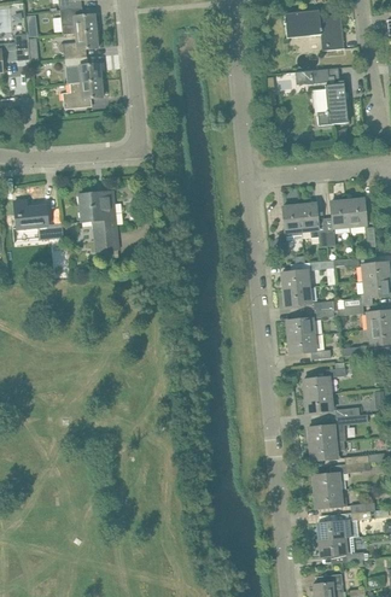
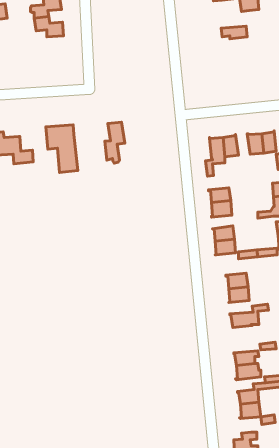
building: [64,80,103,107] -> none
building: [317,82,348,124] -> none
building: none -> [105,122,125,163]
building: [311,439,345,460] -> none

